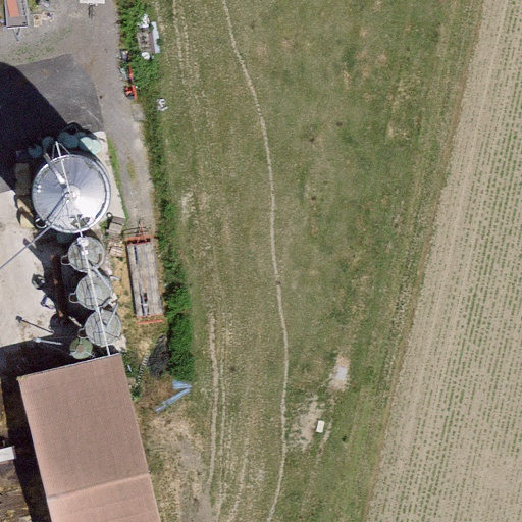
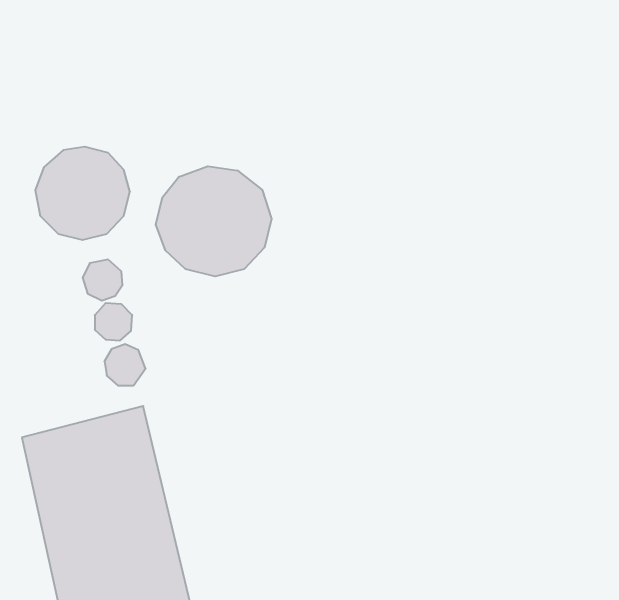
building: none -> [156,166,272,276]

